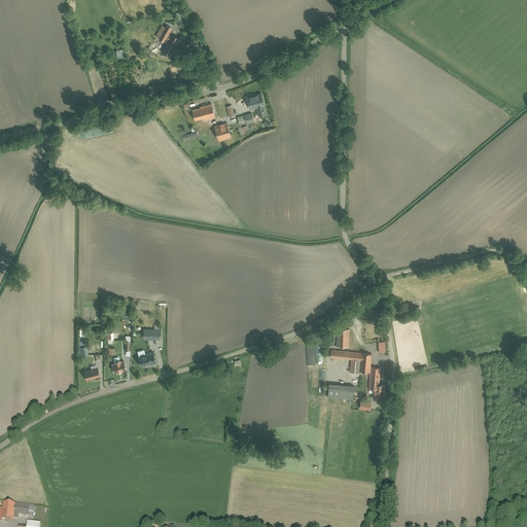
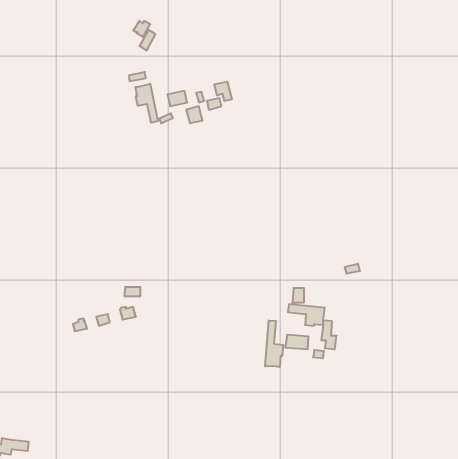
building: none -> [135,84,158,123]
building: none -> [265,320,283,367]

